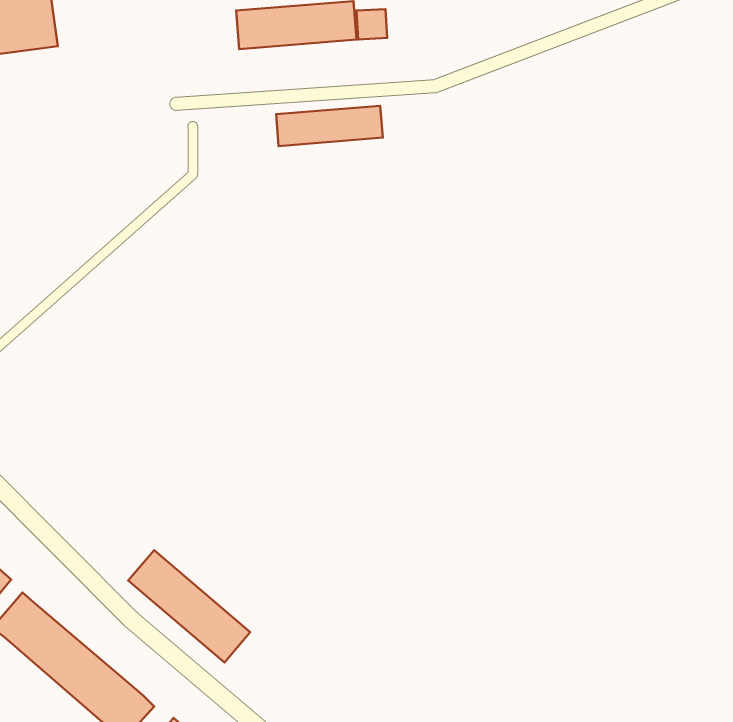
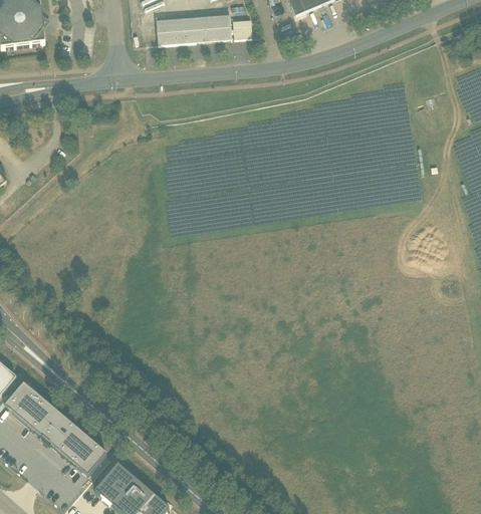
building: [276,106,383,146] -> none
building: [128,550,250,663] -> none

